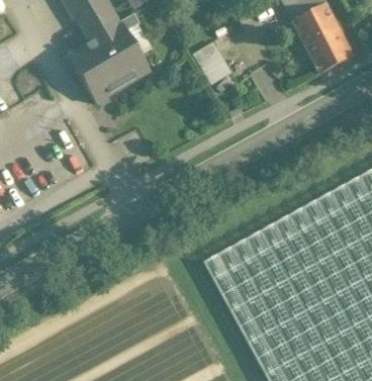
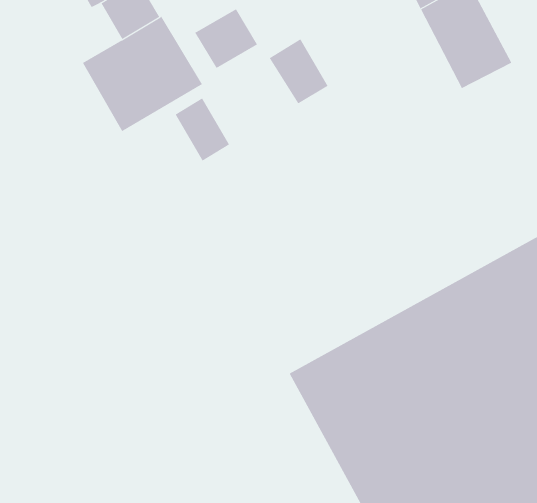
building: none -> [195,8,258,69]
building: none -> [175,98,230,162]

